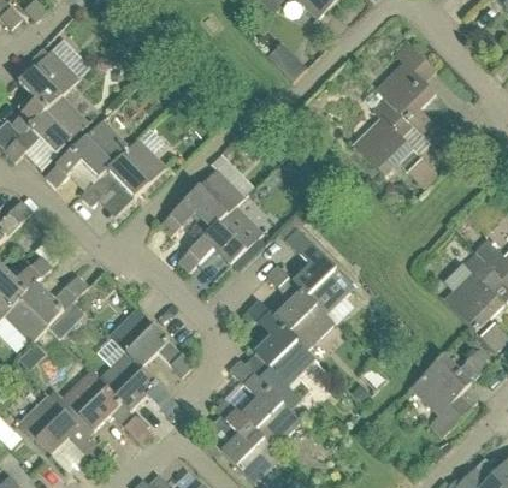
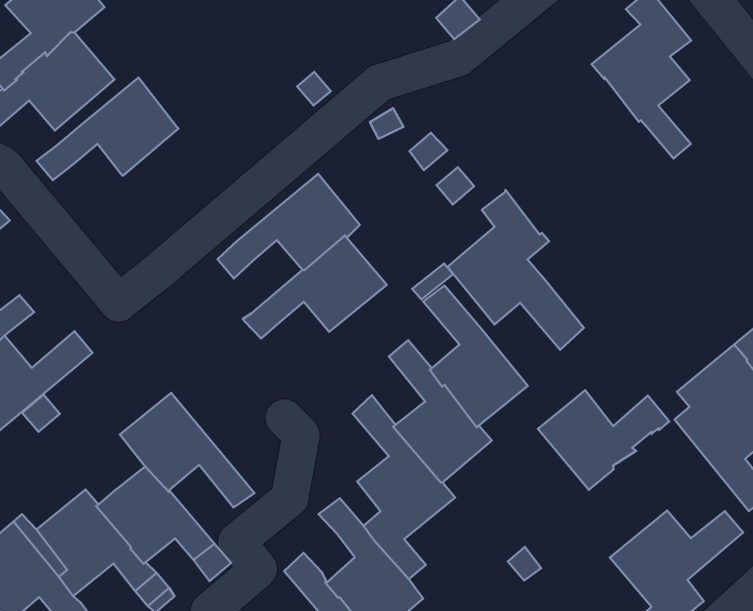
building: [353,96,438,190] -> [447,190,584,350]
building: [81,137,166,204] -> none
building: none -> [538,390,669,490]

